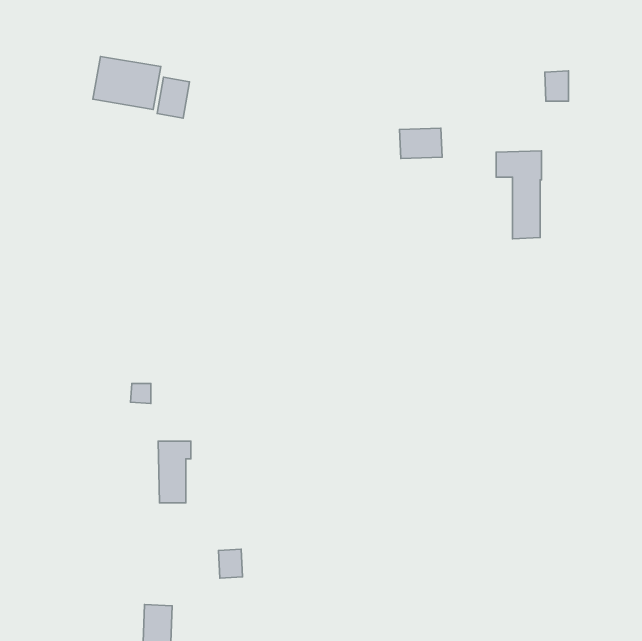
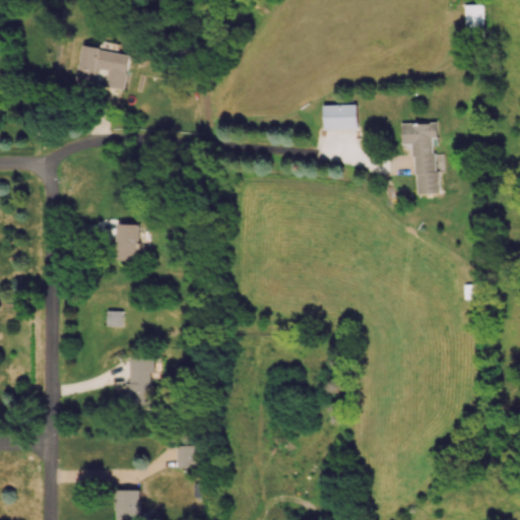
building: [545,71,569,101] -> [464,5,483,29]
building: [157,77,189,118] -> none
building: none -> [116,223,140,261]

